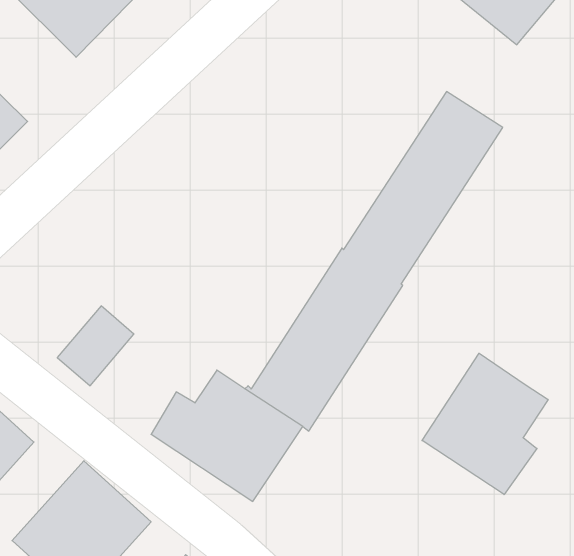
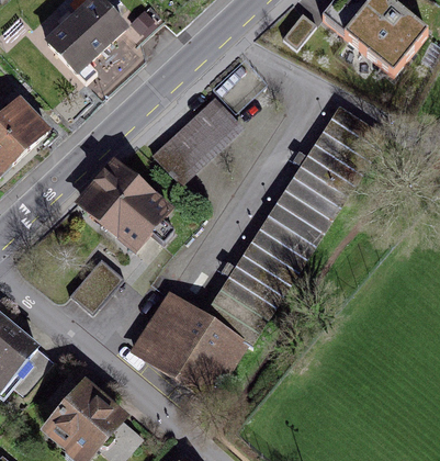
building: none -> [153,99,237,180]
building: none -> [83,162,173,250]
building: [422,353,548,495] -> none

